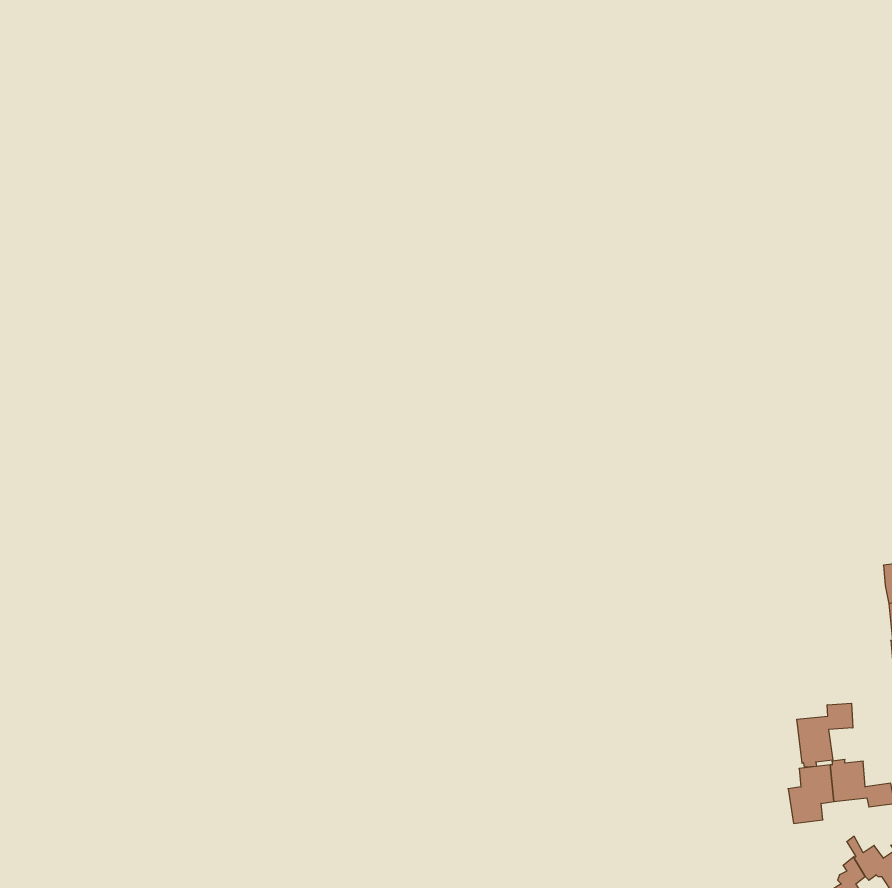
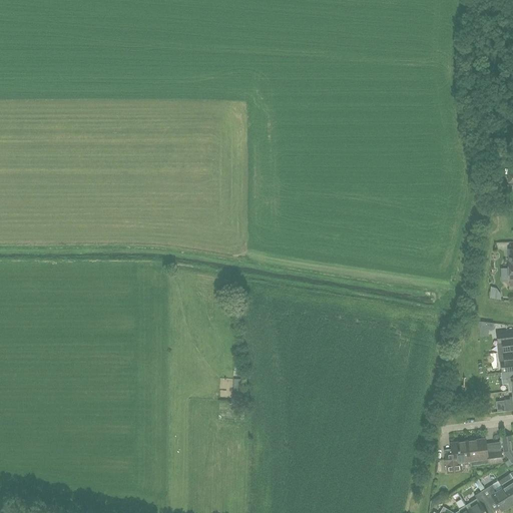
building: [797,703,853,767] -> none

